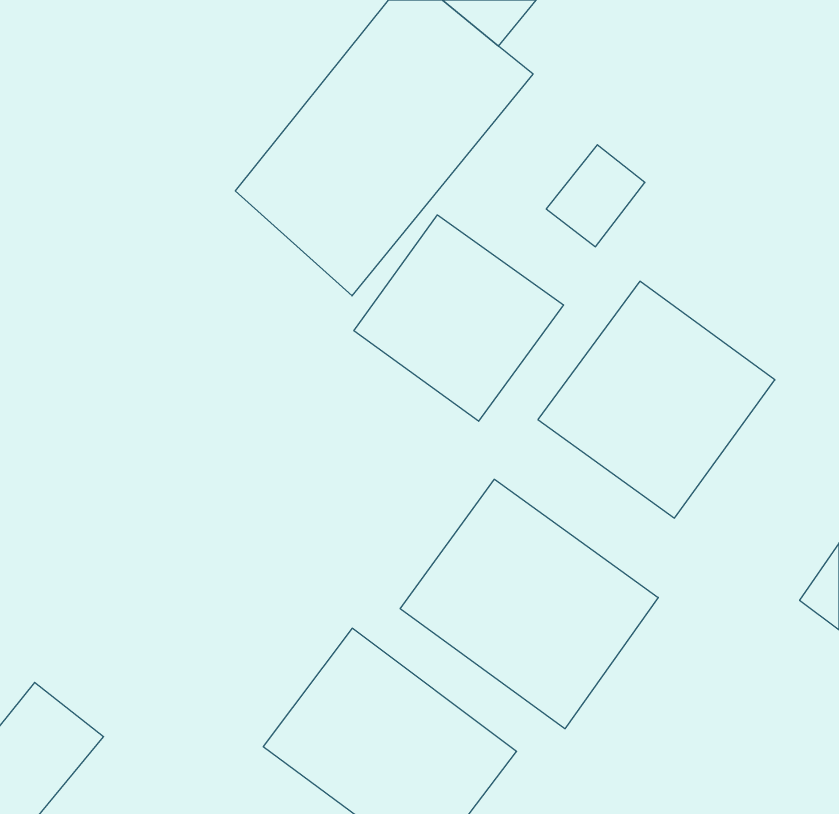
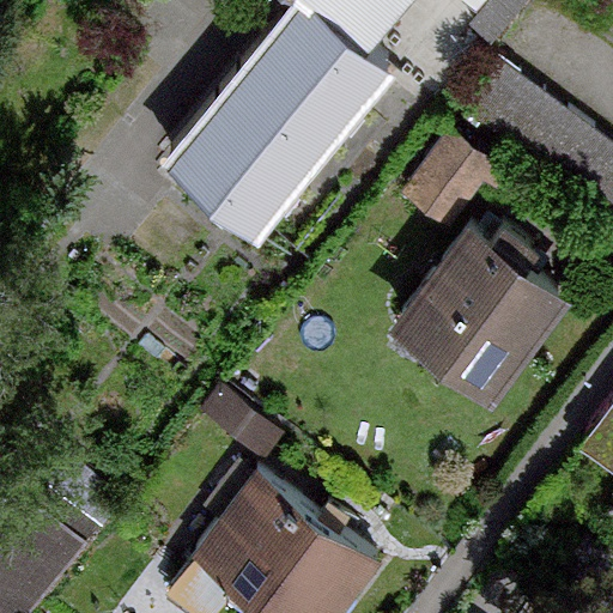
building: [354,215,564,421] -> none
building: [400,479,658,729] -> none

